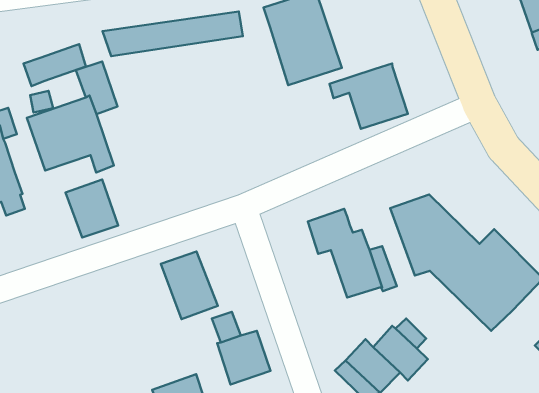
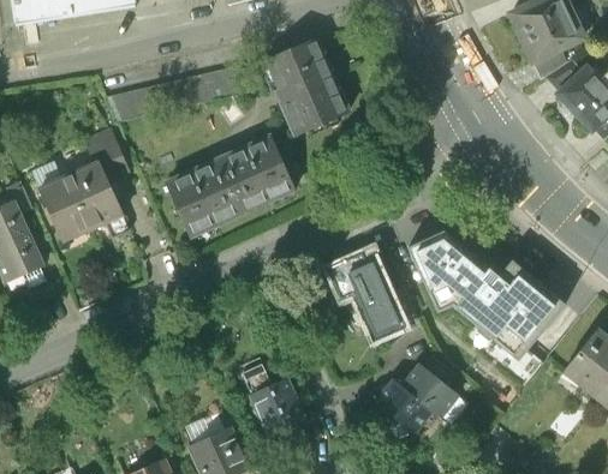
building: [24,44,86,86] -> none
building: [330,64,408,129] -> none
building: none -> [166,137,294,236]
building: [65,180,118,238] -> none
building: [161,251,218,319] -> none

